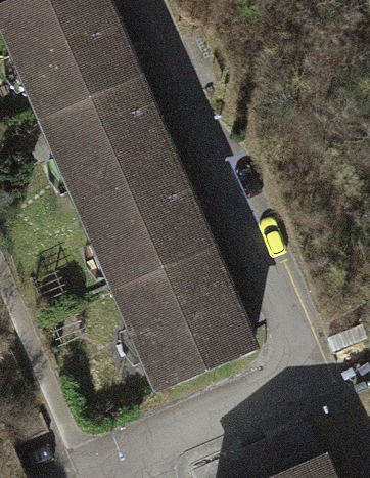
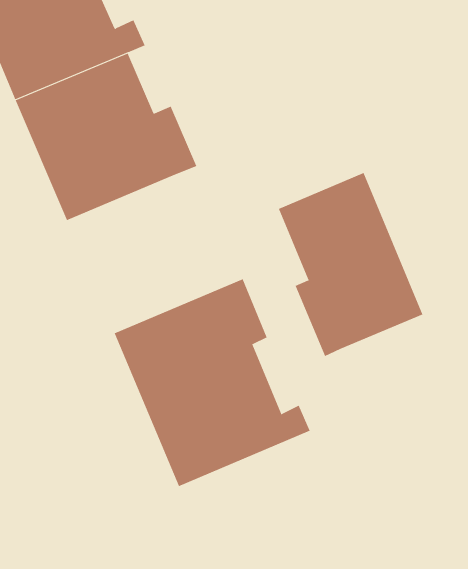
building: none -> [278,172,423,357]
building: [81,166,206,278] -> none

